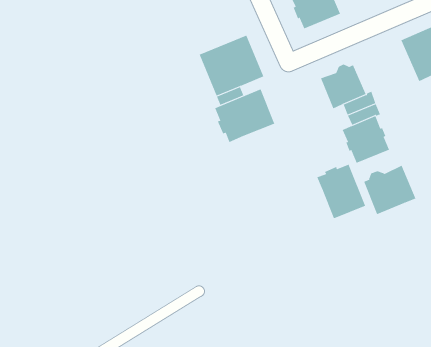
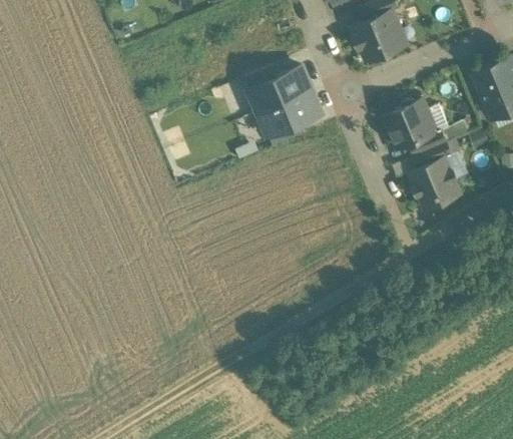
building: [214,89,275,143] -> none
building: [317,164,366,219] -> none
building: [363,165,416,215] -> none

